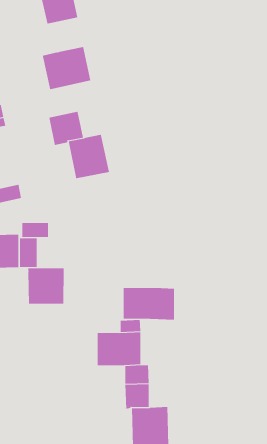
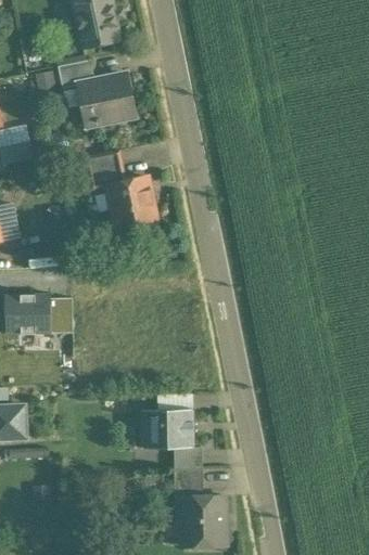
building: none -> [58,59,96,88]
building: [22,222,49,238] -> none
building: [28,268,64,304] -> none
building: [123,287,175,320] -> none

